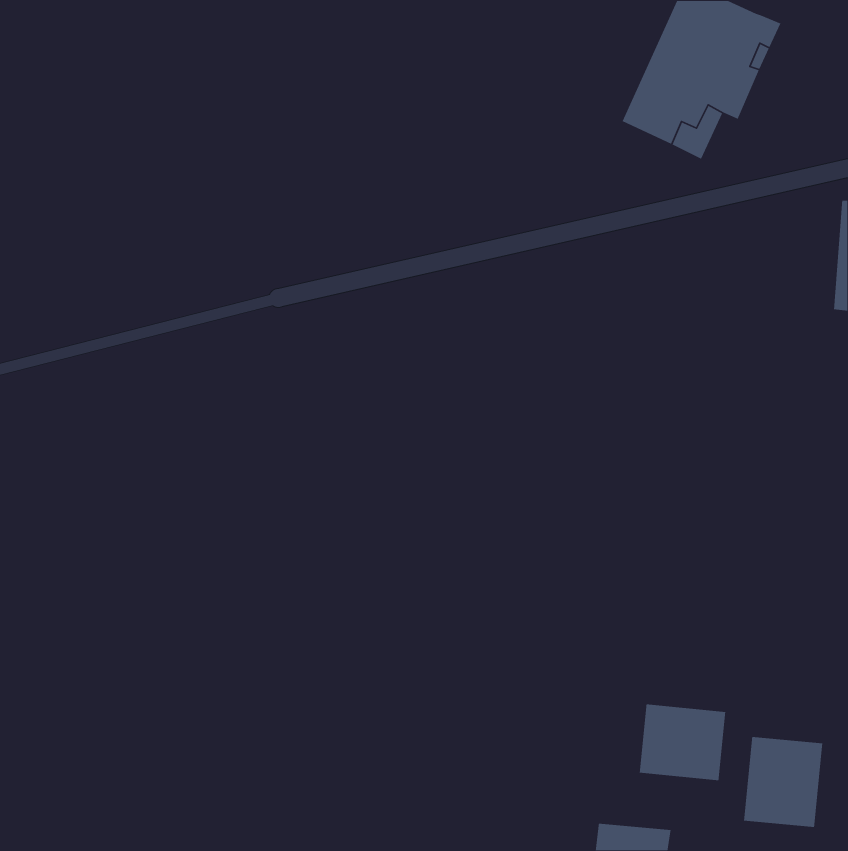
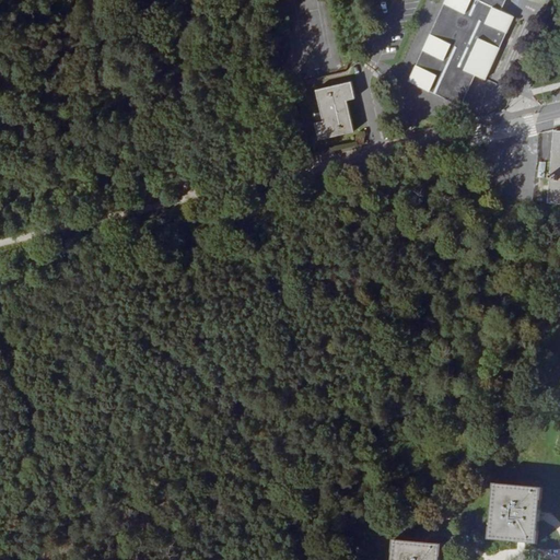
building: none -> [315,81,353,139]
building: [639,704,726,781] -> none

